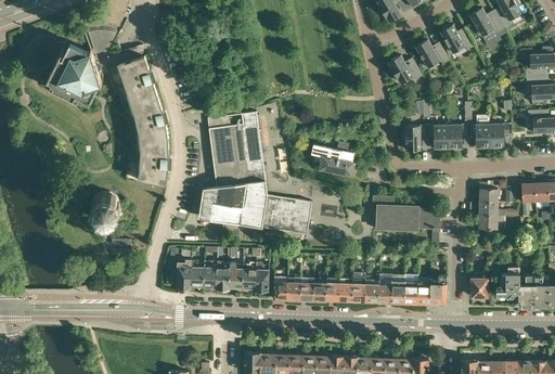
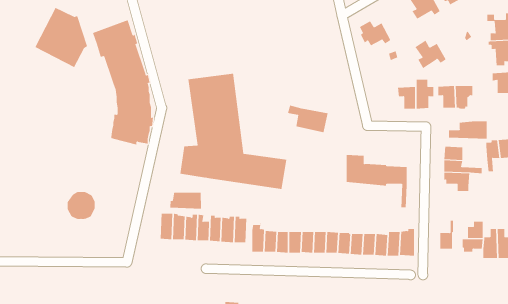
building: [415,39,449,69] -> [415,40,446,69]
building: [402,126,426,150] -> none
building: none -> [449,120,487,140]
building: [91,192,121,221] -> [67,192,96,219]
building: none -> [170,192,202,209]

